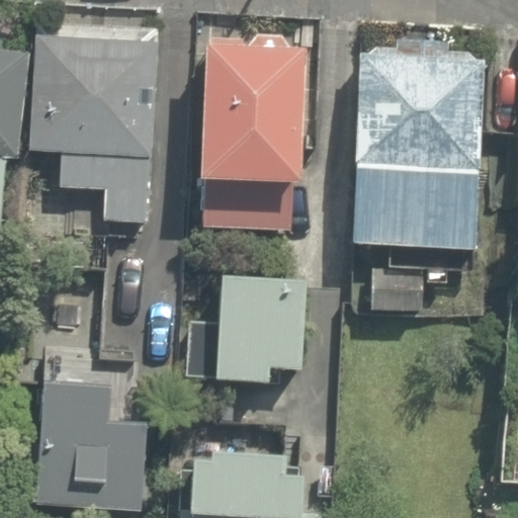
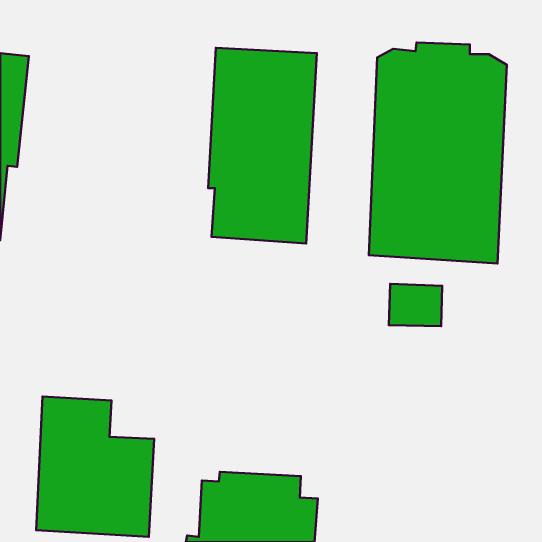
building: [33,25,158,224] -> none
building: [186,276,308,381] -> none

